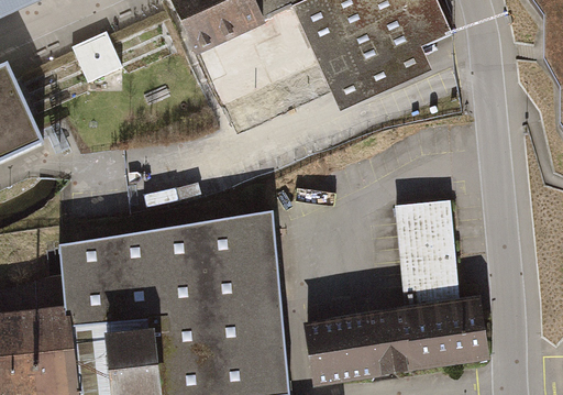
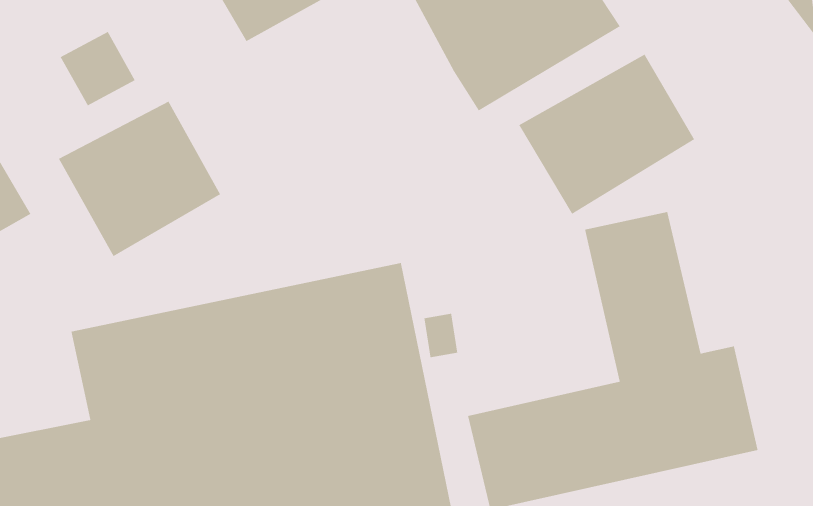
building: none -> [58,100,221,257]
building: none -> [518,54,695,215]

